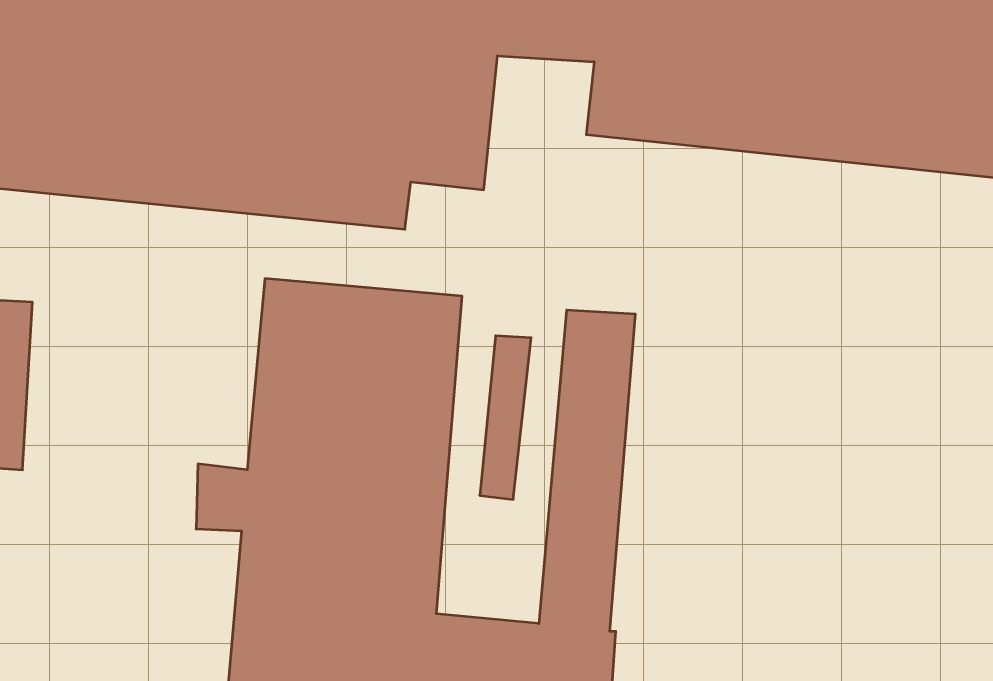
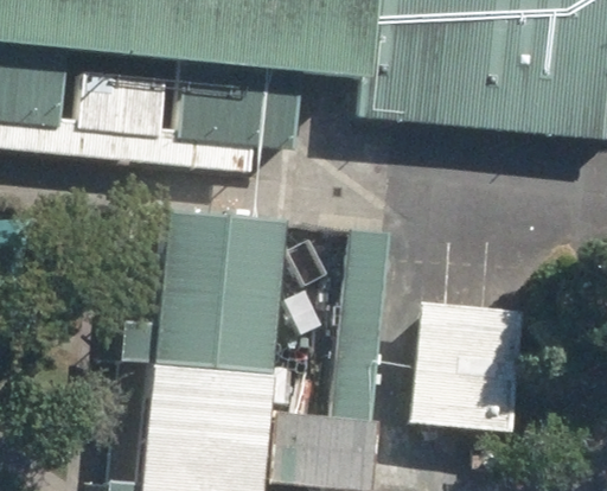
building: none -> [410,299,519,429]

